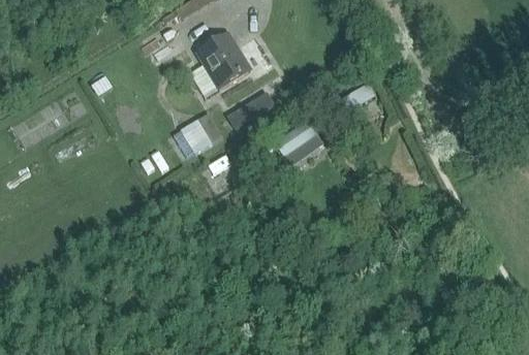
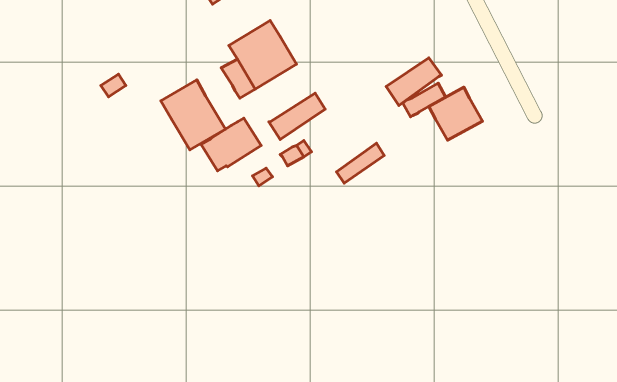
building: none -> [161,80,226,150]
building: none -> [429,87,482,140]
building: [274,118,319,157] -> [386,58,441,105]

